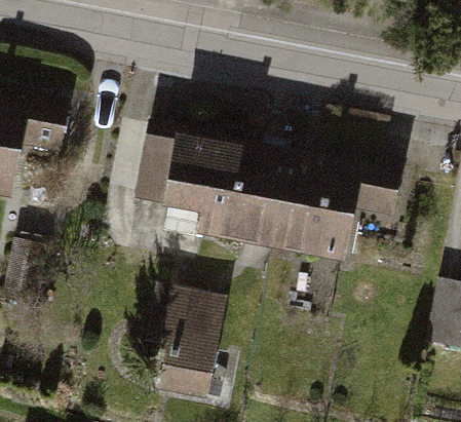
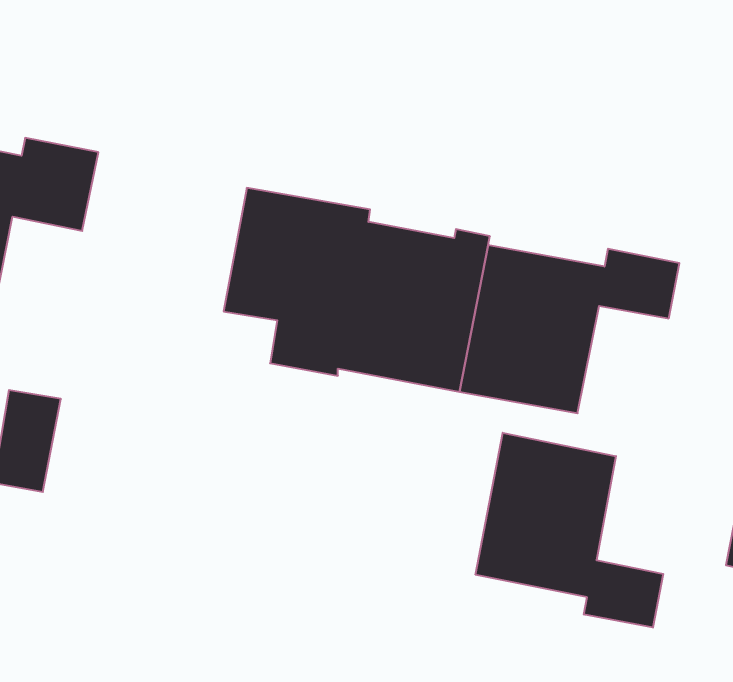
building: none -> [476,433,663,628]
building: [143,289,229,404] -> none

